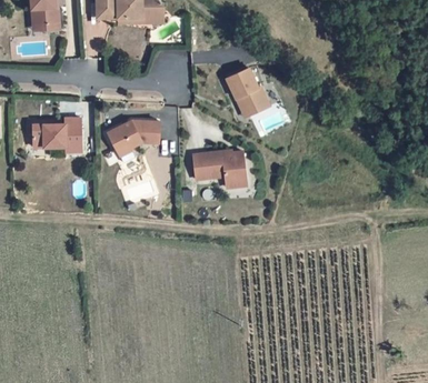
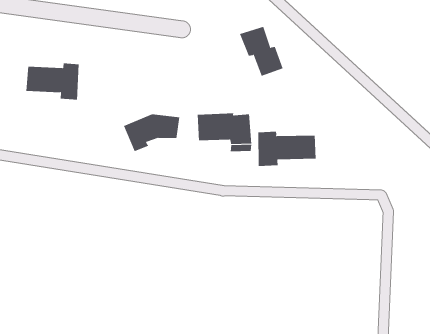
building: [108,120,160,157] -> [123,114,180,152]
building: none -> [258,131,316,167]

